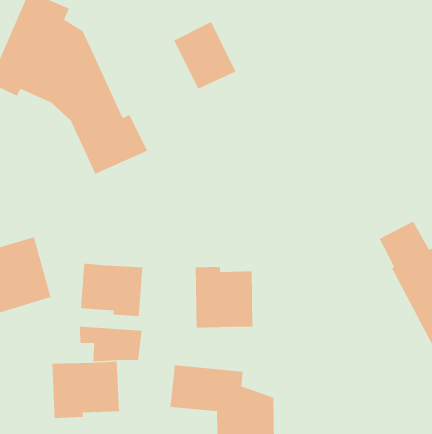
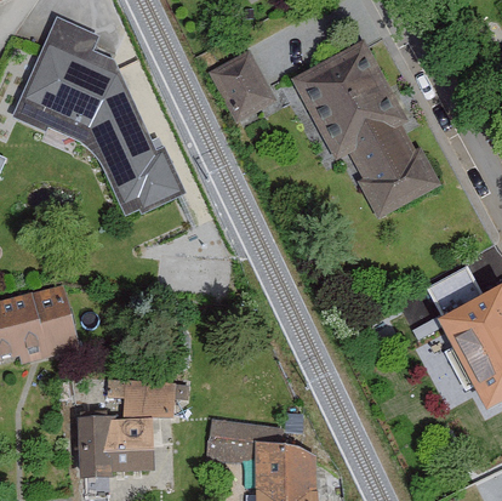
building: none -> [291,42,440,218]
building: [80,263,143,317] -> none
building: [195,266,253,328] -> none

